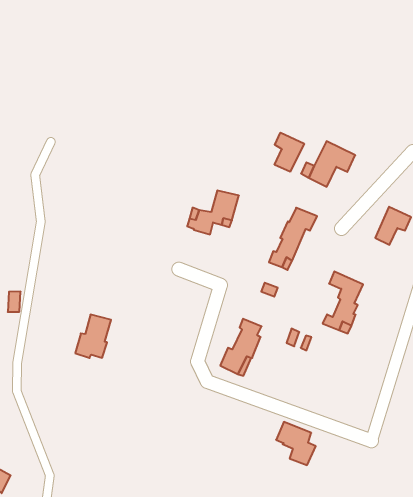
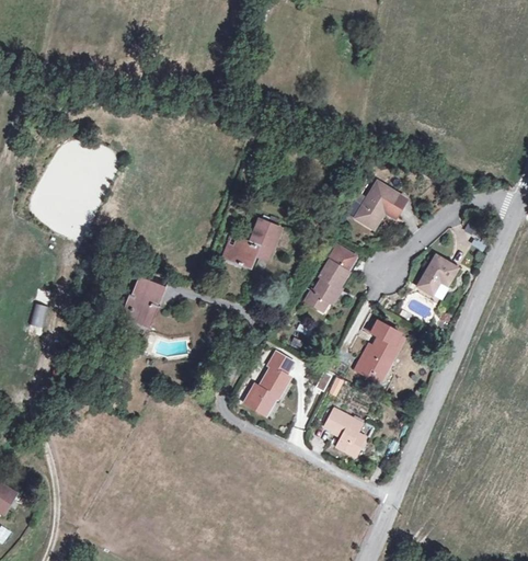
building: [275,133,304,172] -> none
building: [75,315,111,358] -> [120,278,161,324]
building: [276,422,316,465] -> [325,409,366,456]

